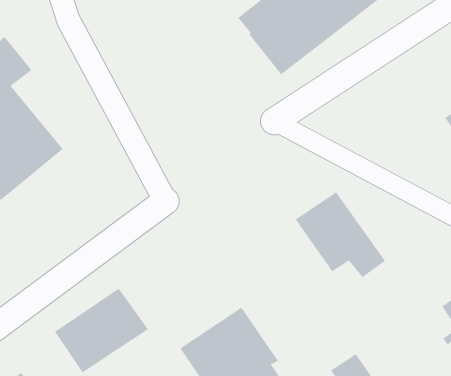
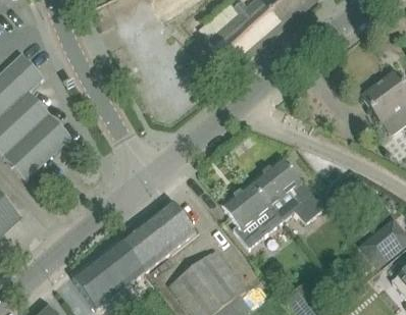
building: none -> [220,180,282,247]
building: none -> [119,201,195,271]

